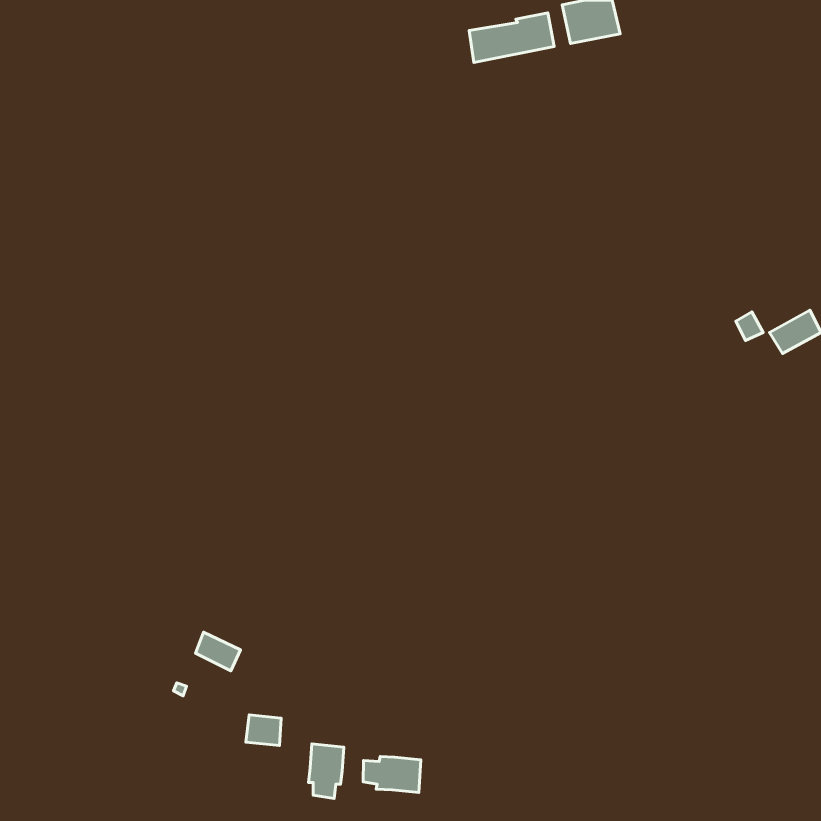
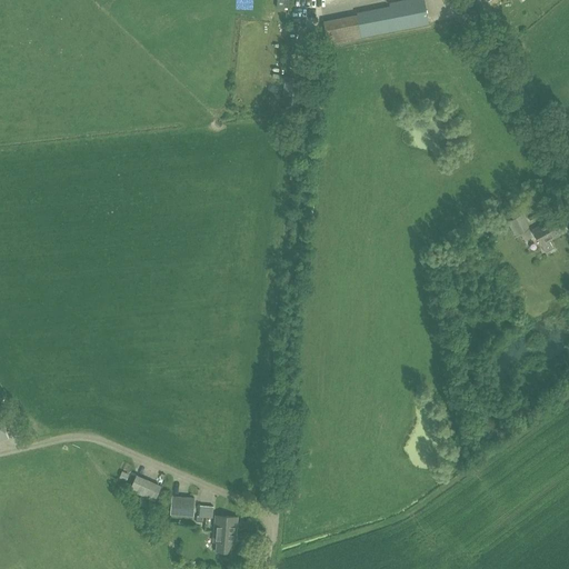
building: [195,632,240,671] -> [130,475,161,501]
building: [363,757,421,793] -> none

